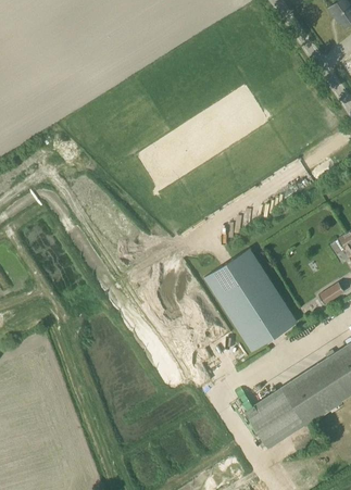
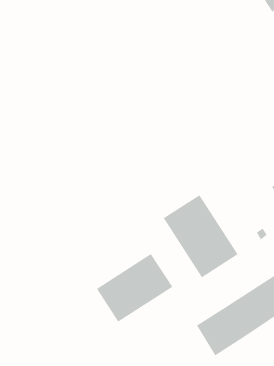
building: none -> [96,253,173,322]

